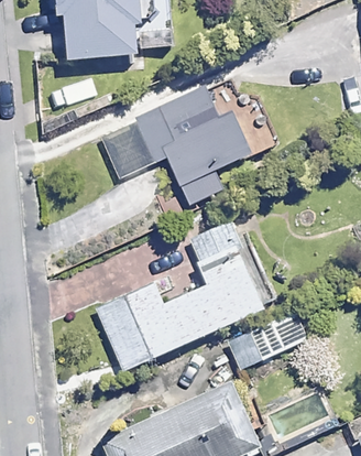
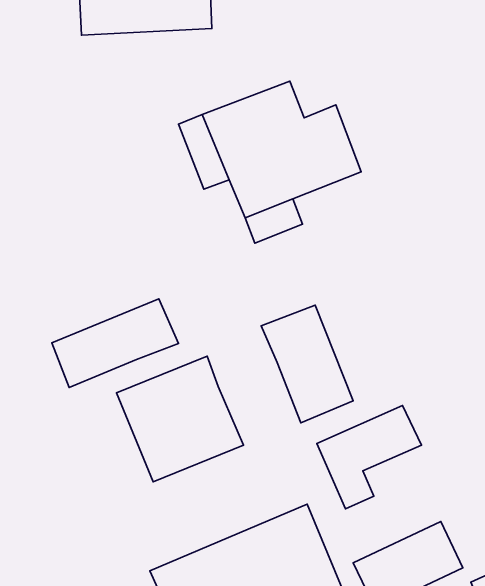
building: [99,119,156,180] -> none
building: none -> [52,299,178,388]
building: [166,284,223,341] -> none

